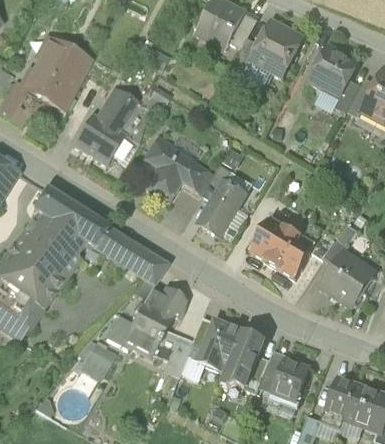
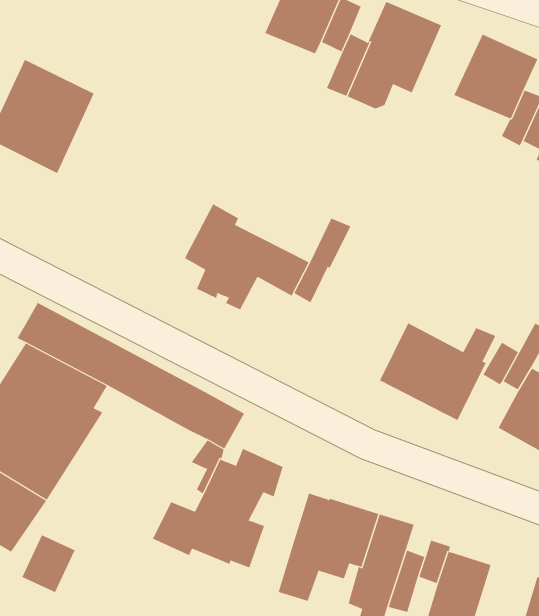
building: [73,87,149,162] -> none
building: [199,179,245,235] -> none
building: [162,333,192,376] -> none
building: [80,342,114,378] -> [21,535,75,593]

